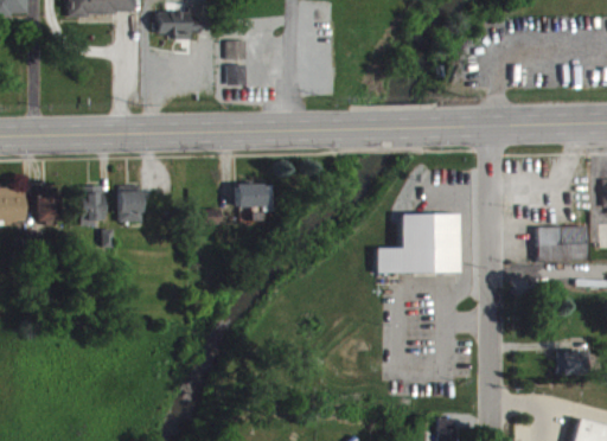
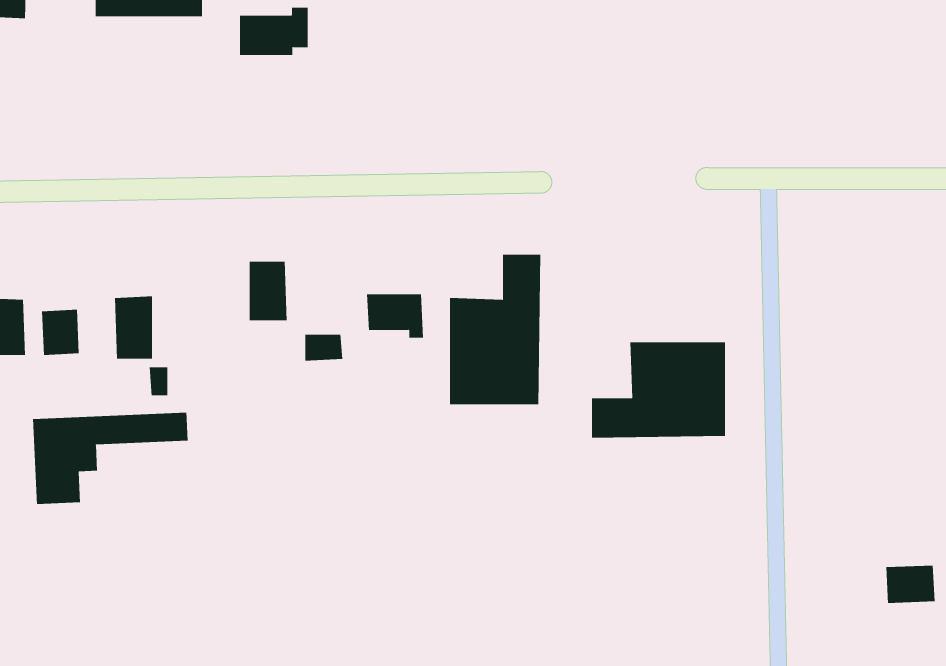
building: none -> [450,254,541,405]
building: [120,185,143,222] -> [249,261,287,321]
building: [537,226,587,261] -> none
building: none -> [33,412,188,505]

